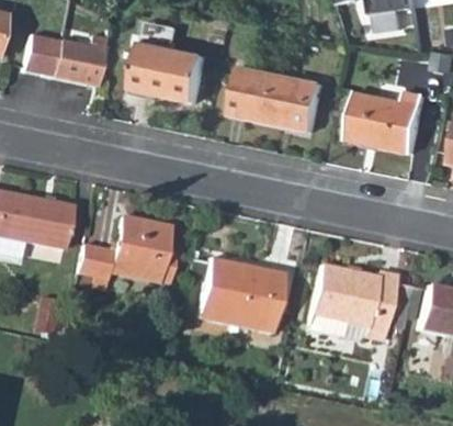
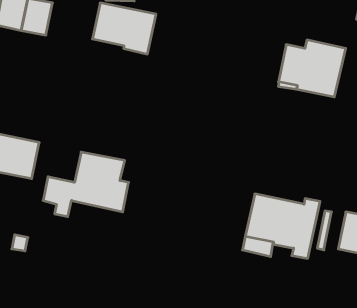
building: [235,67,327,132] -> none
building: [200,258,287,333] -> none

